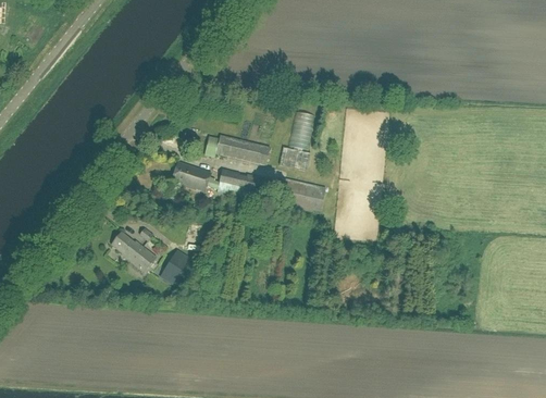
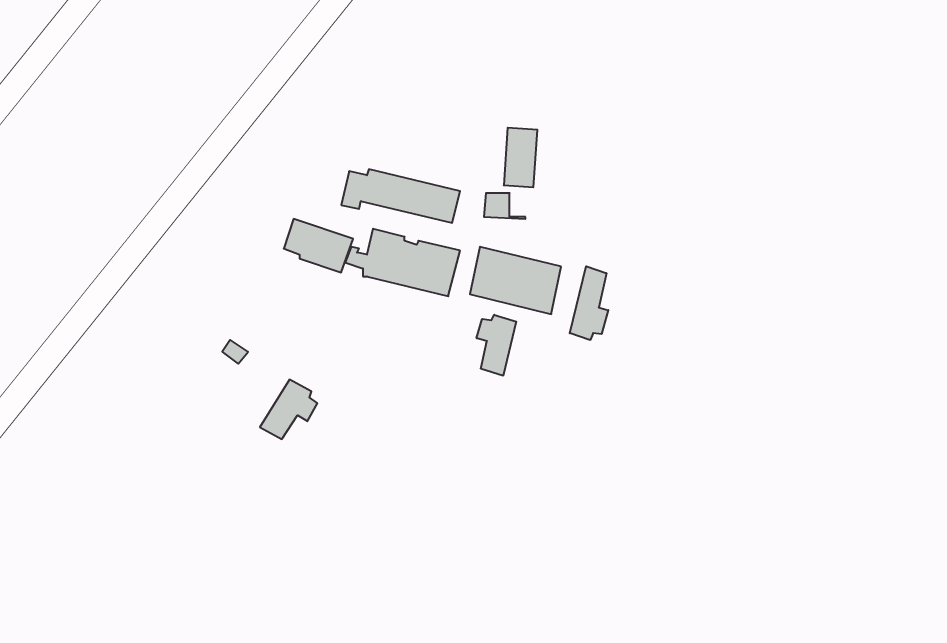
building: none -> [570,266,608,340]
building: none -> [477,315,516,376]
building: [112,233,156,272] -> none

